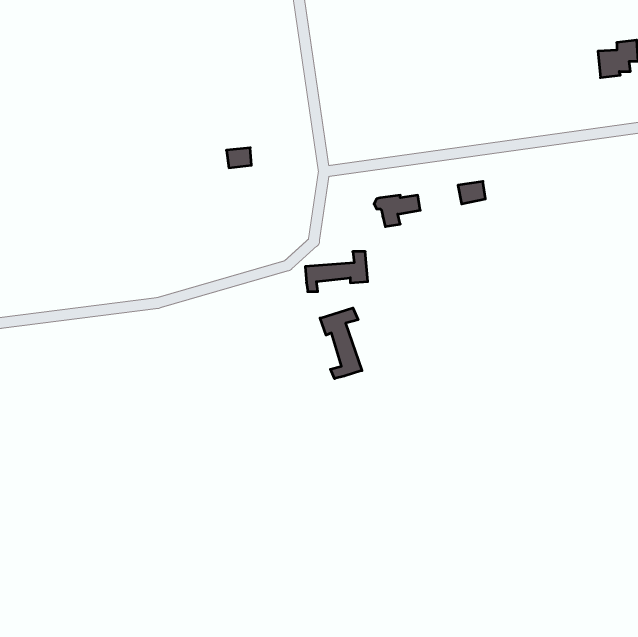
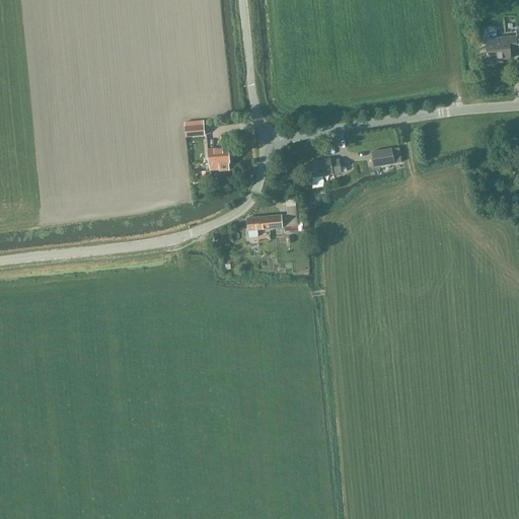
building: none -> [207,146,230,169]
building: [320,308,362,379] -> none

